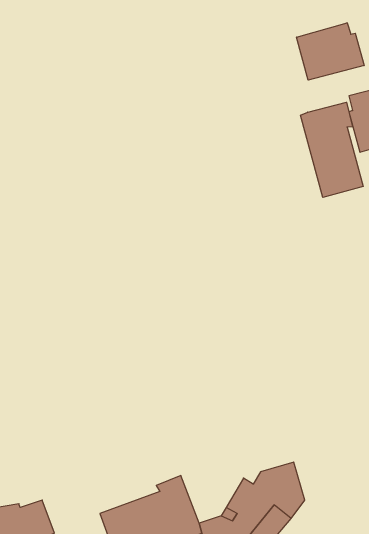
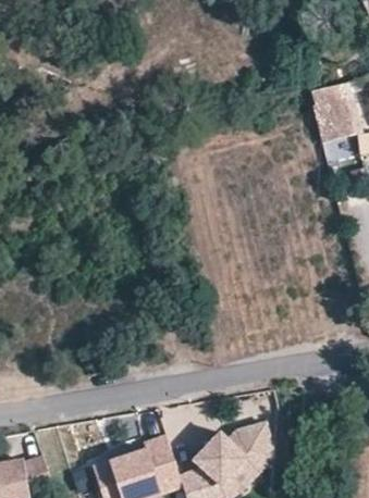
building: [297,23,364,80] -> none
building: [300,102,363,197] -> none

